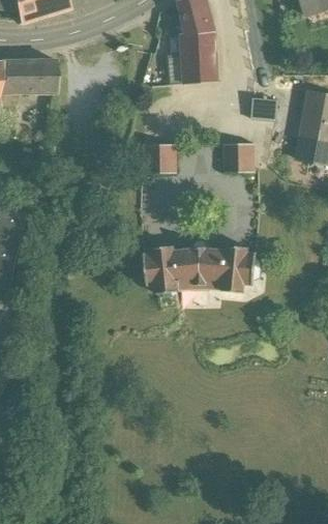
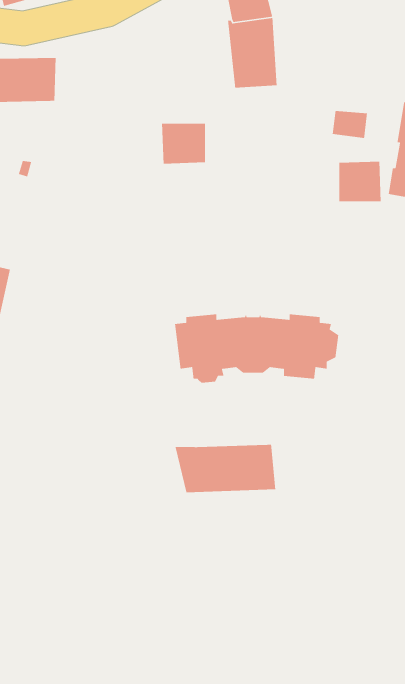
building: [223,142,255,172] -> [339,161,382,202]
building: [144,143,176,173] -> [161,123,206,164]
building: none -> [175,444,276,493]

